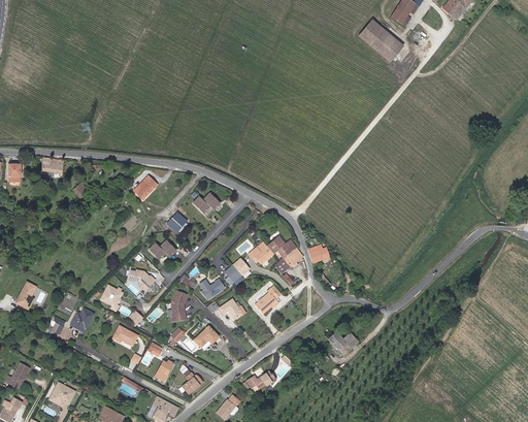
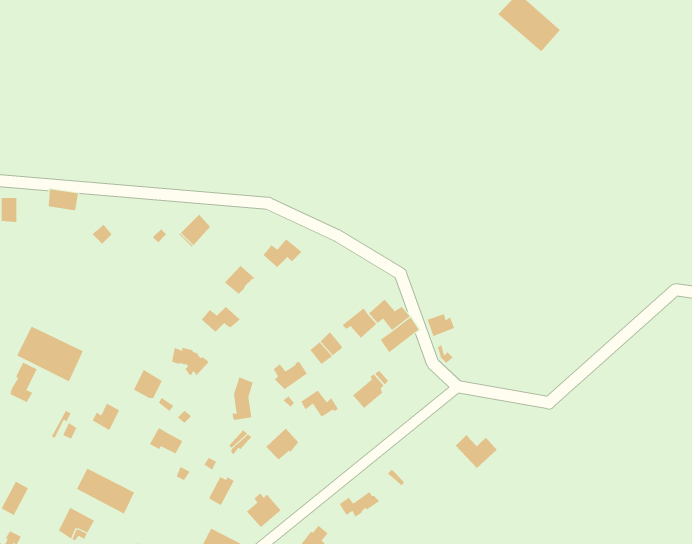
building: none -> [17,326,84,382]
building: none -> [76,468,135,515]

